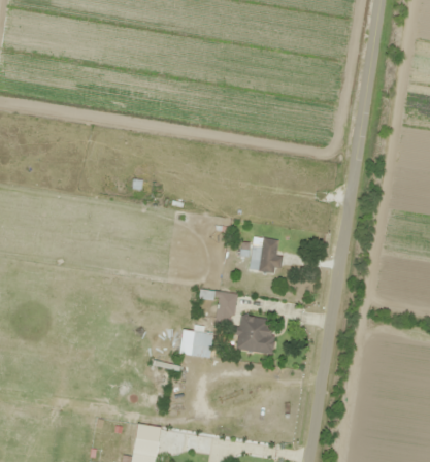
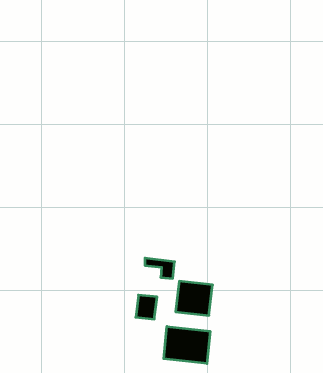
building: [249,237,280,275] -> none
building: none -> [164,326,210,364]

